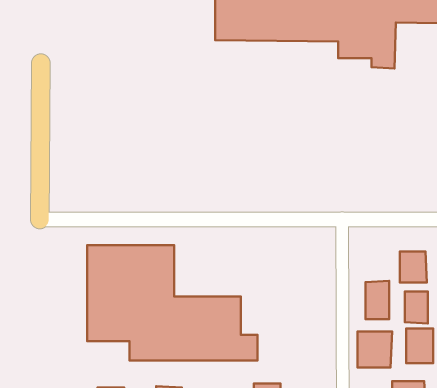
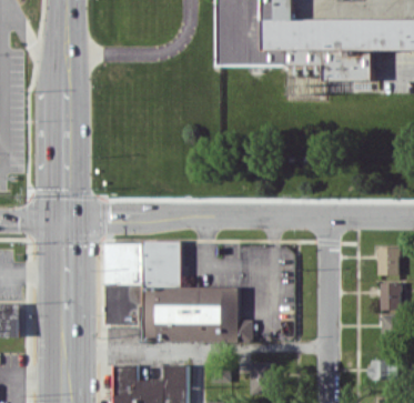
building: [366,281,389,319] -> none
building: [358,332,392,367] -> none

